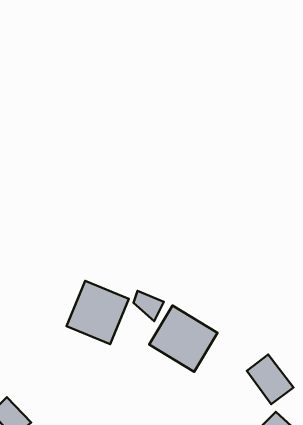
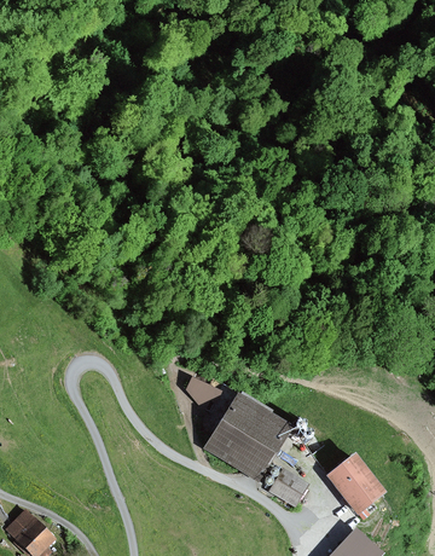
building: [67,281,129,344] -> none
building: none -> [267,469,307,506]

